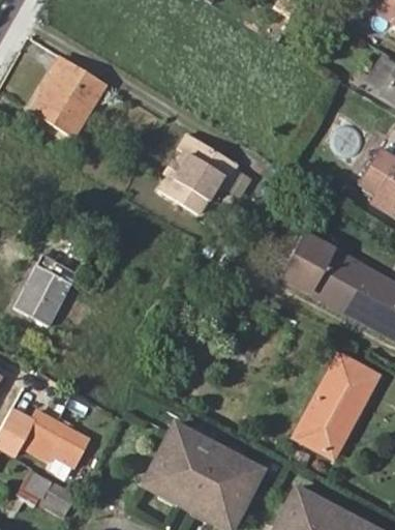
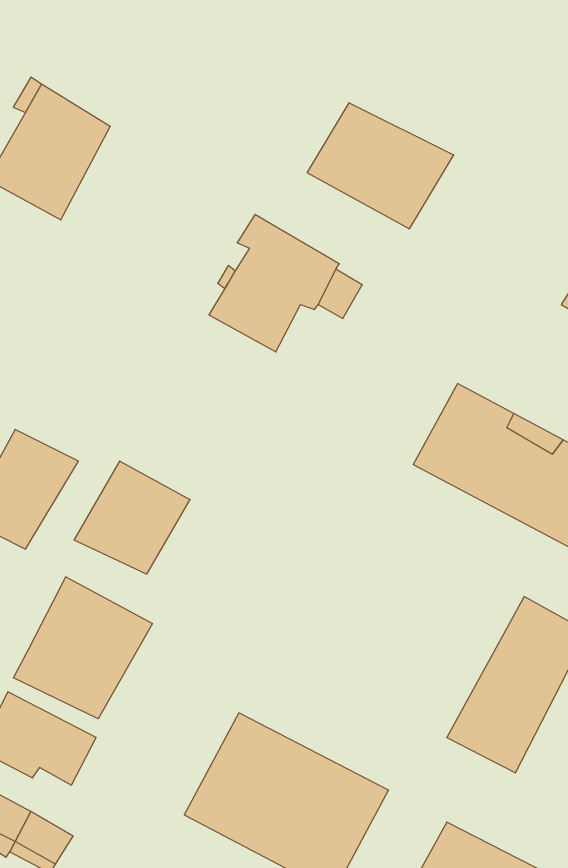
building: none -> [307,103,454,229]
building: none -> [74,461,190,574]
building: none -> [14,577,152,719]

